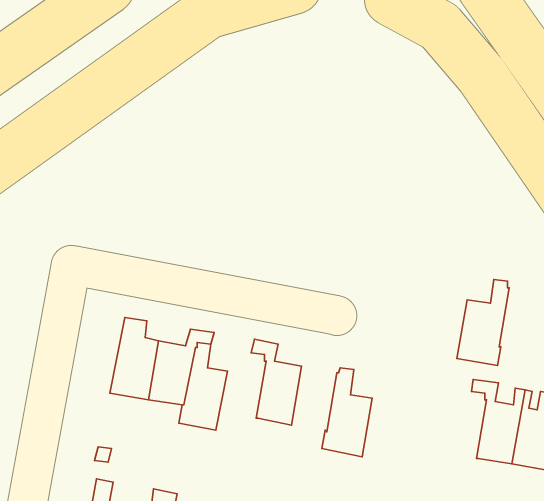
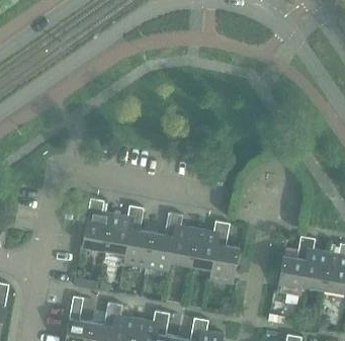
building: [457,280,509,365] -> [277,245,309,296]
building: none -> [146,222,176,272]
building: none -> [191,223,230,269]

